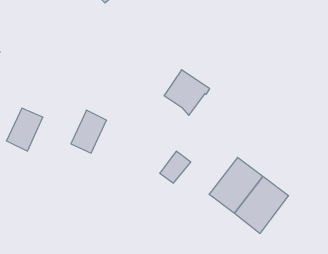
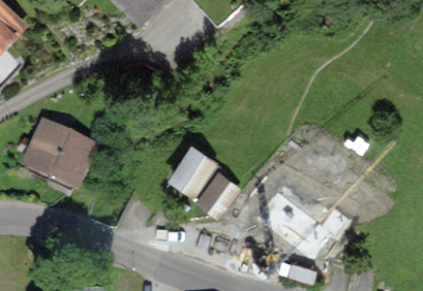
building: [164,70,210,115] -> [174,147,225,198]
building: [71,110,107,153] -> [52,135,92,184]

